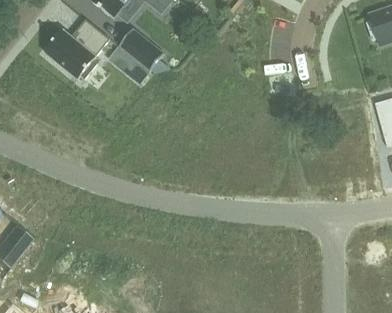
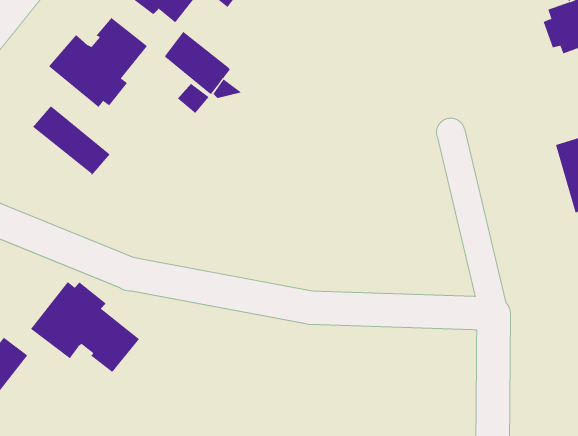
building: none -> [32,106,111,176]
building: none -> [30,281,140,373]

